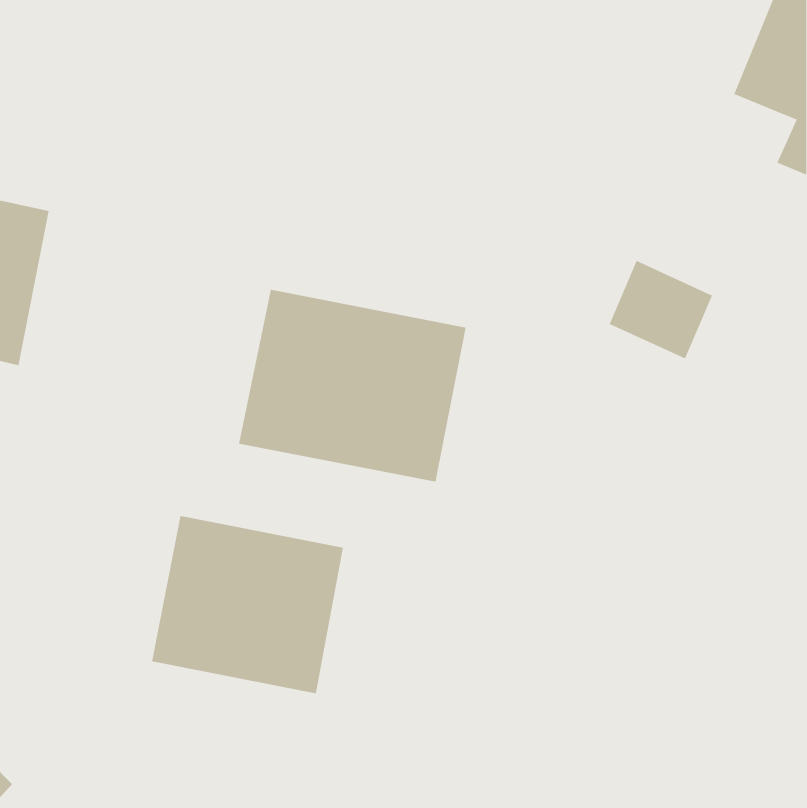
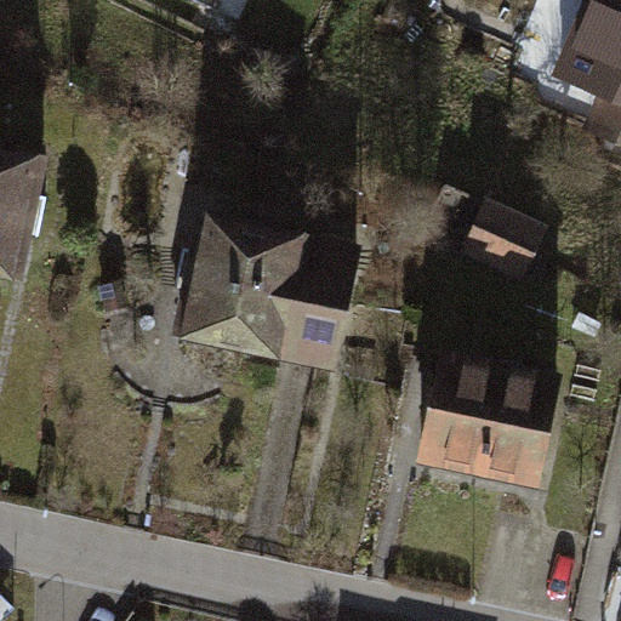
building: none -> [418,354,554,489]
building: [152,515,343,694] -> none

